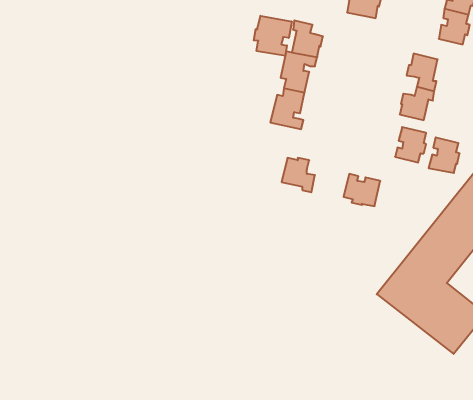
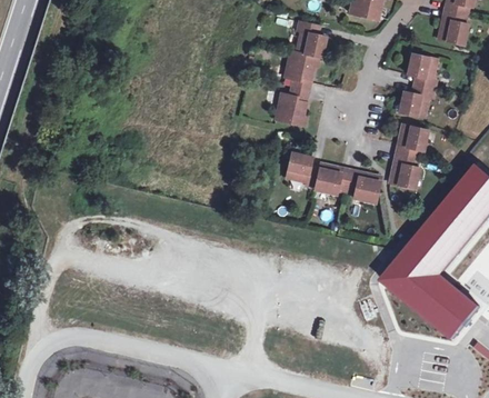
building: [254,16,292,56] -> none
building: [429,137,460,173] -> [389,153,419,188]
building: none -> [315,163,351,195]

